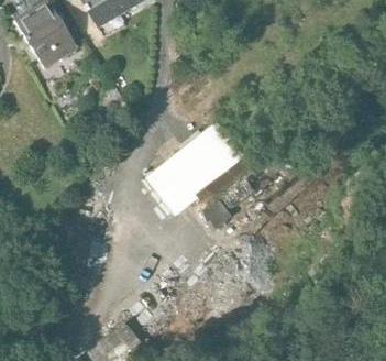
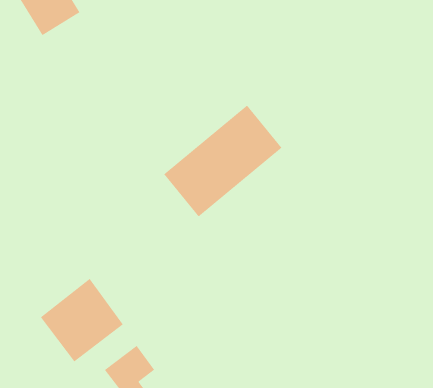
building: none -> [40,278,124,362]

